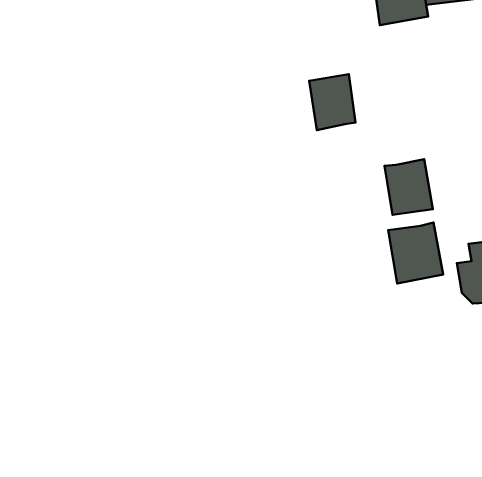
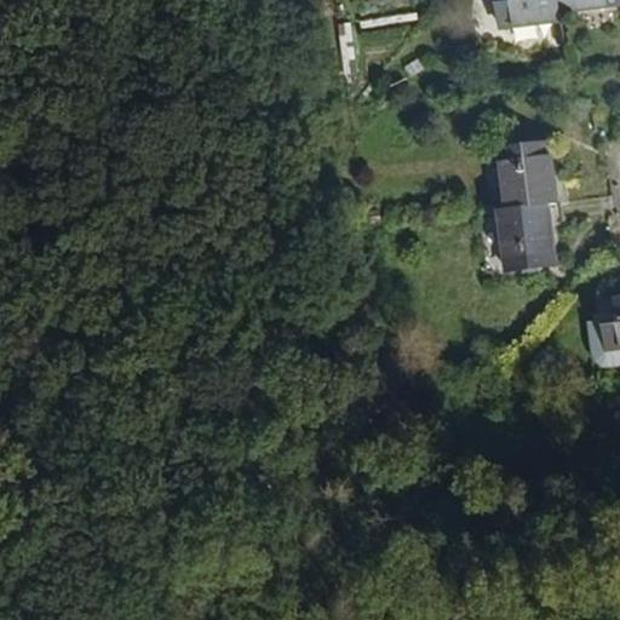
building: [309,74,355,130] -> [501,137,559,207]
building: [388,222,443,284] -> none

